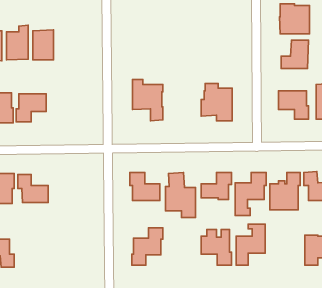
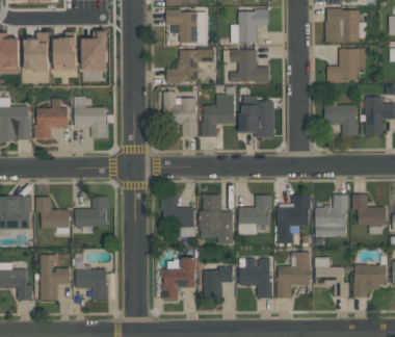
building: none -> [239,8,268,42]
building: none -> [166,9,198,43]
building: none -> [81,30,106,70]
building: none -> [166,49,214,83]
building: none -> [230,49,269,82]
building: none -> [202,94,235,136]
building: none -> [74,96,106,137]
building: none -> [76,196,109,227]
building: none -> [40,255,70,300]
building: none -> [204,262,233,296]
building: none -> [316,266,348,296]
building: none -> [76,269,108,300]

